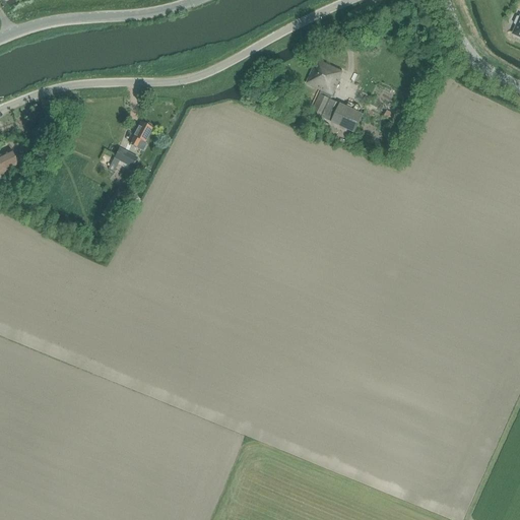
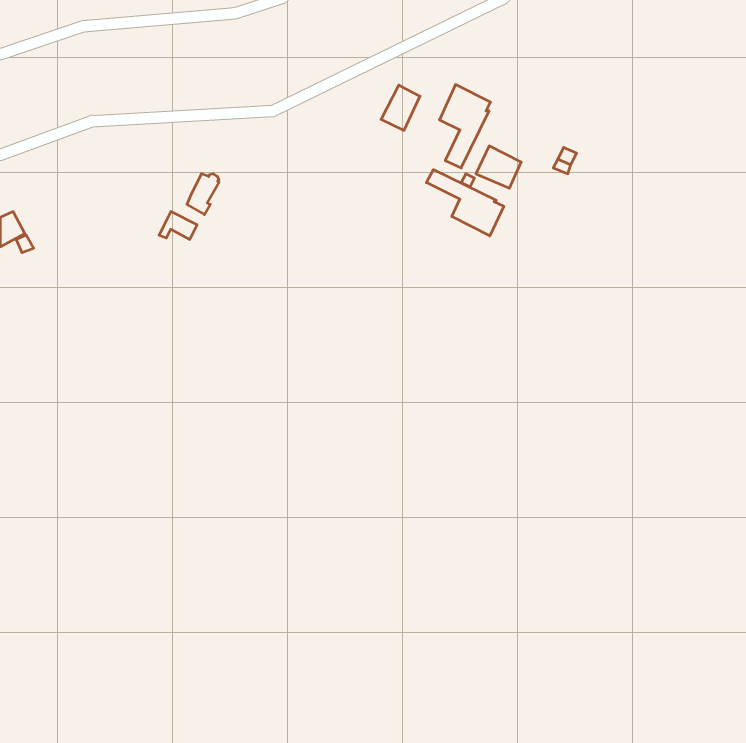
building: none -> [381,85,420,130]
building: none -> [426,170,504,236]

